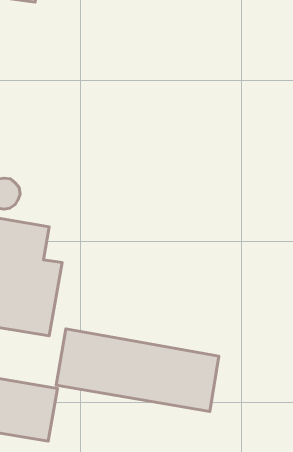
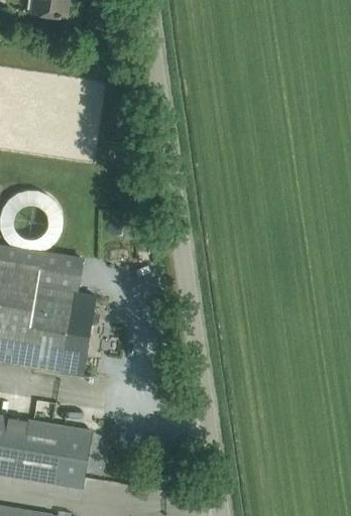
building: [56,329,219,411] -> none

